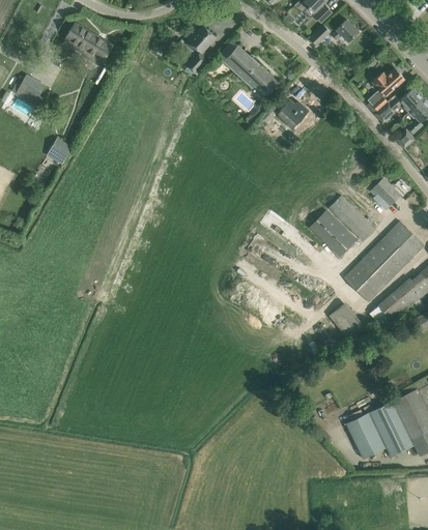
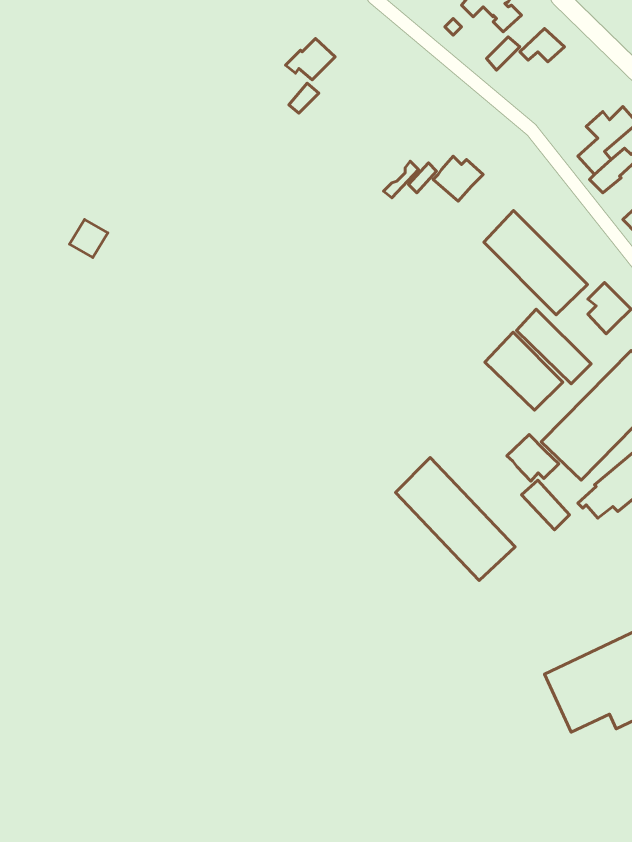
building: [63,23,112,60] -> none
building: [221,39,279,96] -> none
building: [17,76,45,108] -> none
building: none -> [484,211,588,315]
building: none -> [507,435,559,481]
building: none -> [396,457,515,580]

